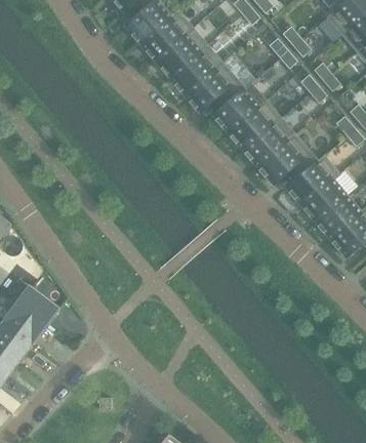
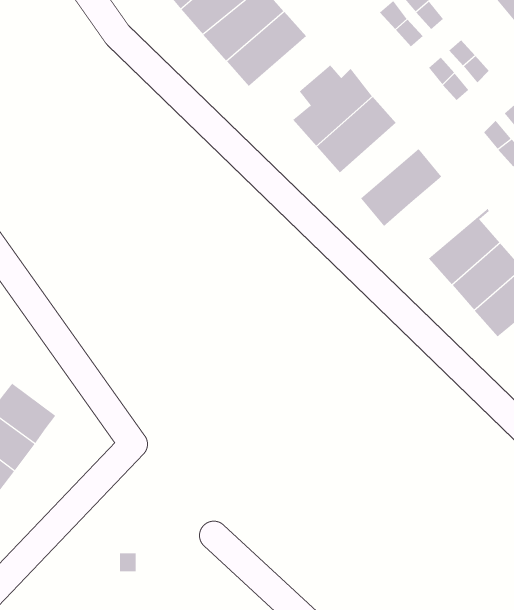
building: [182,61,236,112] -> none
building: [242,117,293,166] -> none
building: [285,152,338,205] -> none

